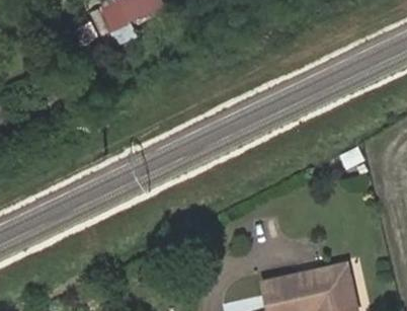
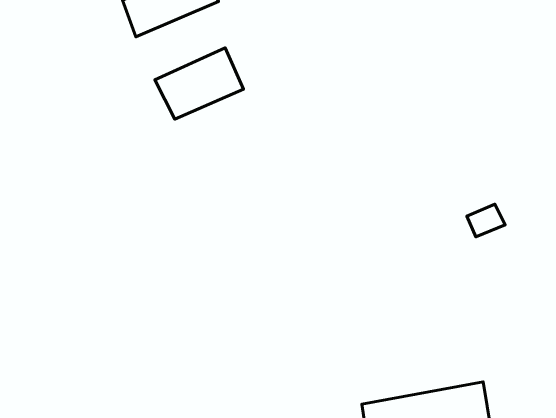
building: none -> [155,48,244,119]

